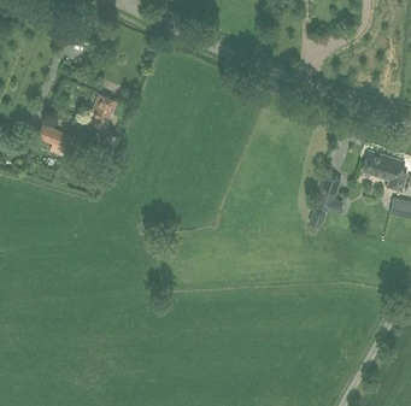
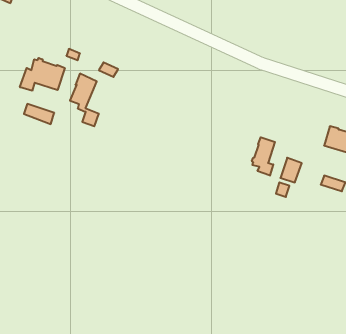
building: none -> [20,58,65,91]
building: none -> [252,137,275,176]

